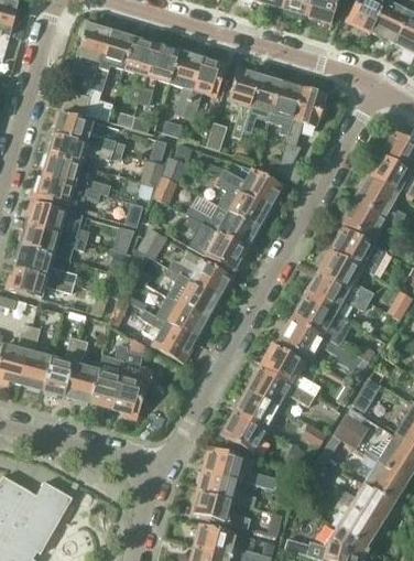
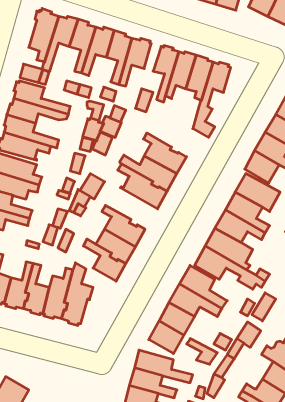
building: [220,169,282,207] -> none
building: [168,259,231,298] -> none

